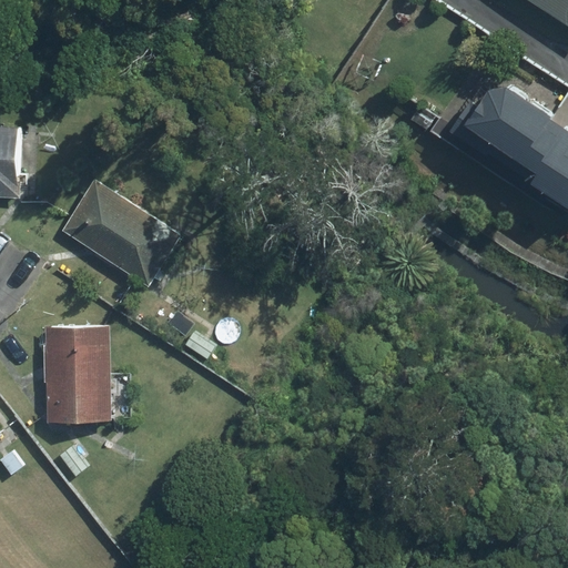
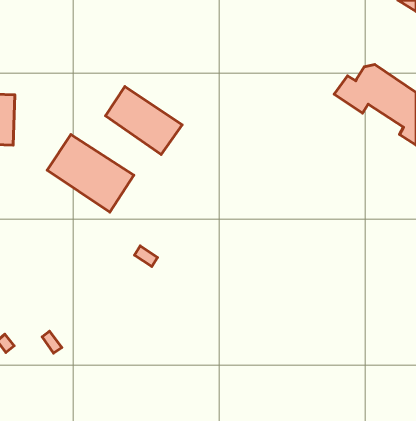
building: none -> [105,86,182,155]
building: [44,327,110,420] -> none

